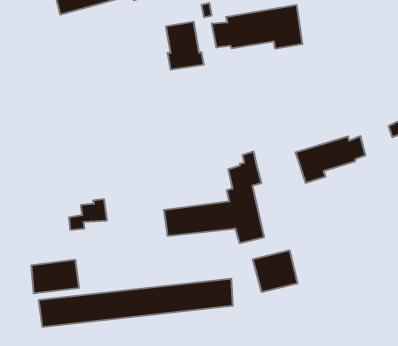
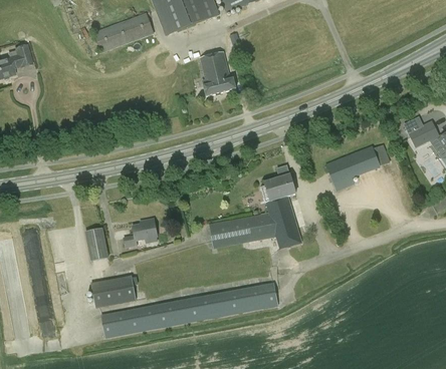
building: [212,5,302,49] -> none
building: none -> [84,228,107,262]
building: [253,250,297,292] -> none

